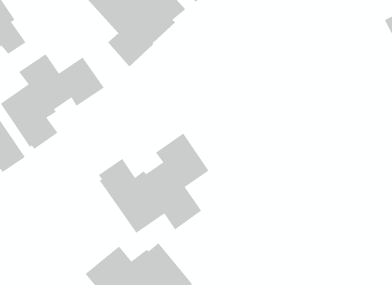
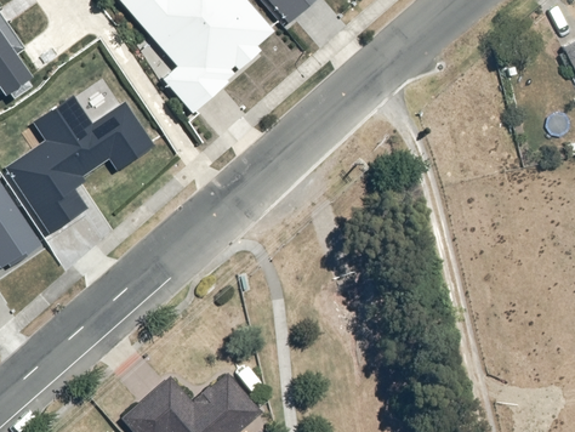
building: [98,132,209,234] -> none

